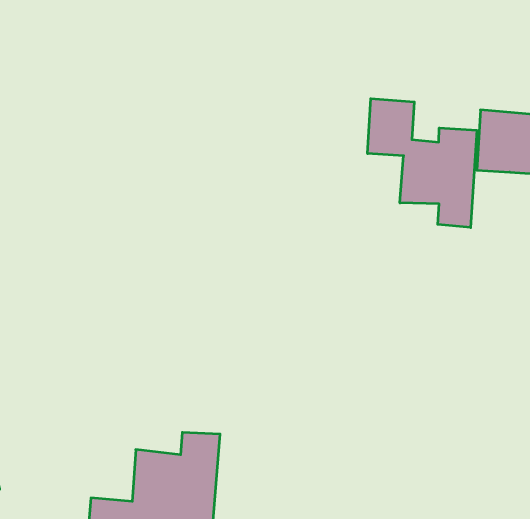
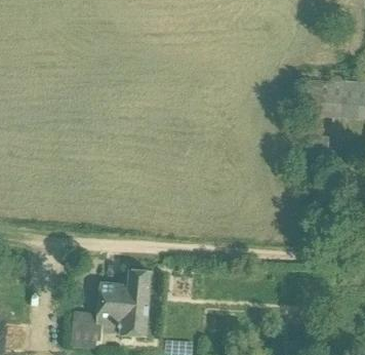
building: [368,99,477,228] -> none

